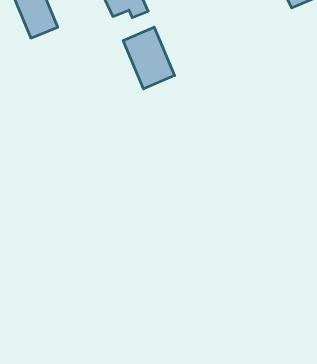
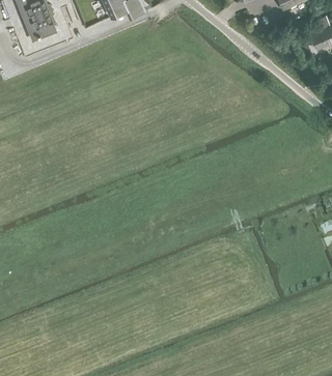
building: [123,27,175,89] -> none

